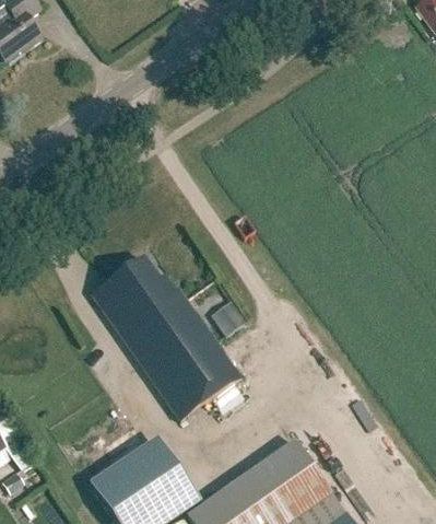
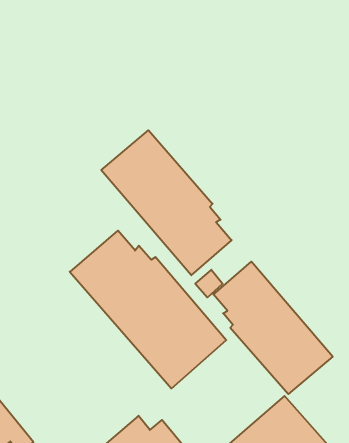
building: none -> [101,130,232,275]
building: none -> [213,262,333,394]

